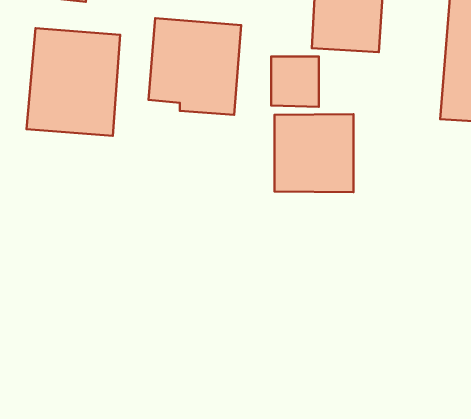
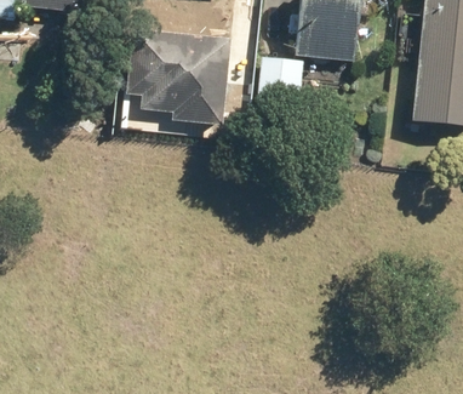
building: [27,28,120,136] -> none
building: [274,114,353,192] -> none

